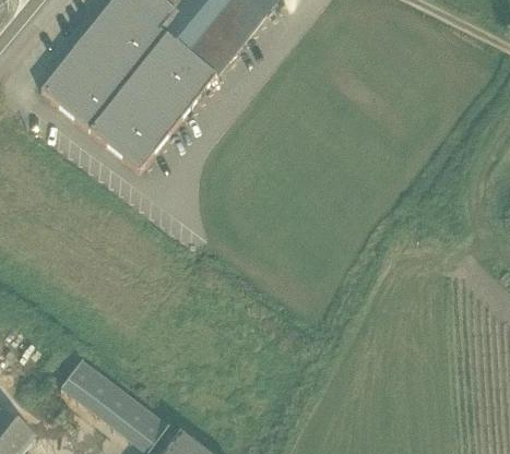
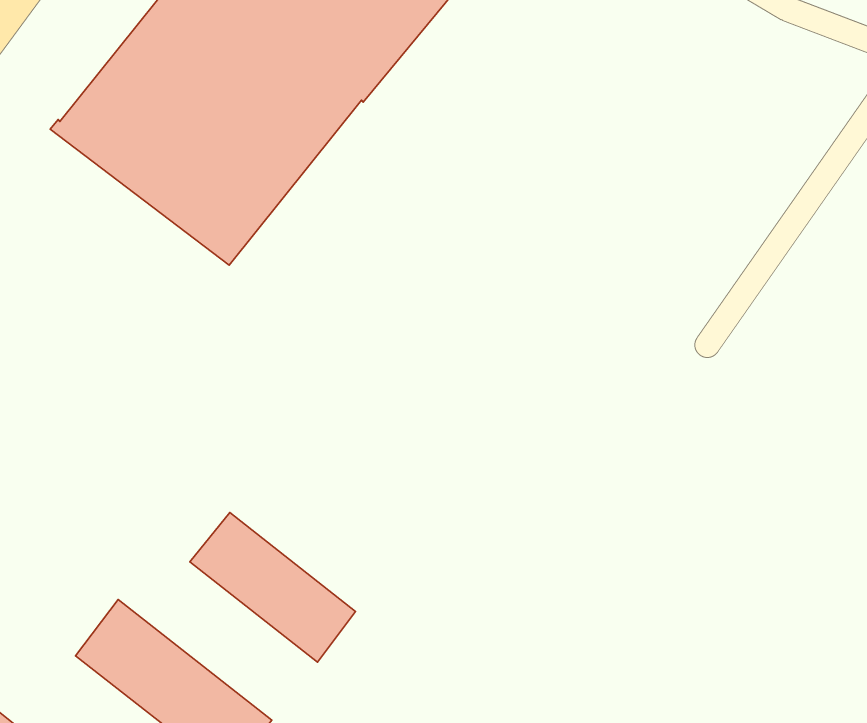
building: none -> [190,513,356,662]

